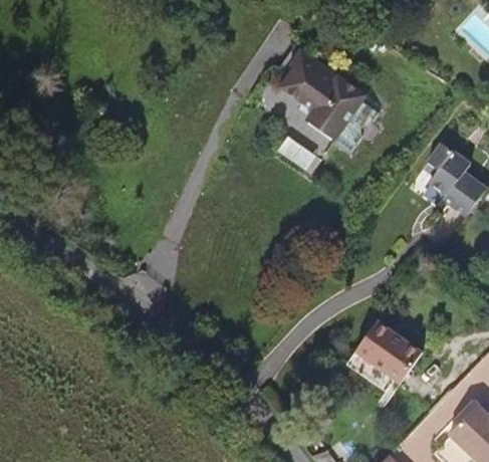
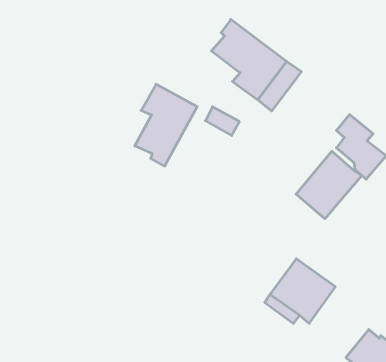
building: none -> [135,84,197,166]
building: none -> [296,151,362,219]

